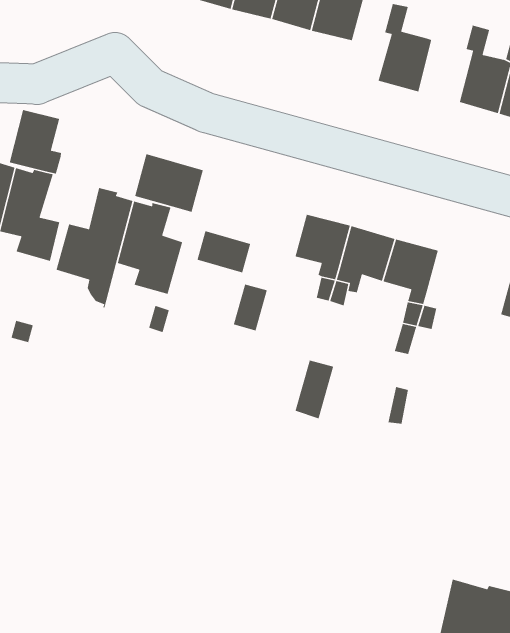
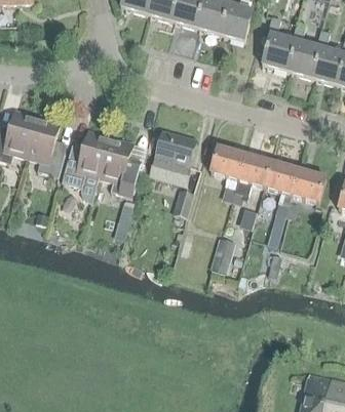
building: none -> [286,22,319,77]
building: [9,109,62,174] -> none
building: [134,153,204,213] -> [154,129,197,166]
building: none -> [292,168,327,203]

